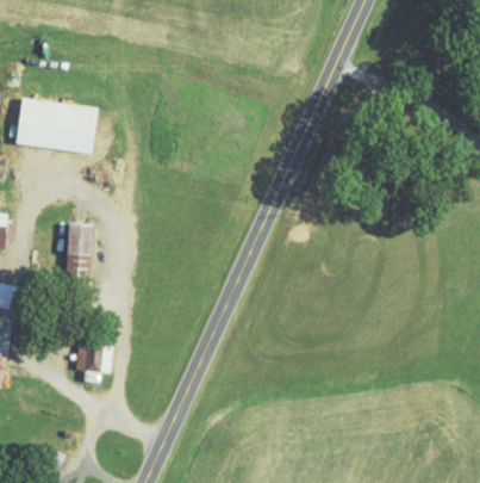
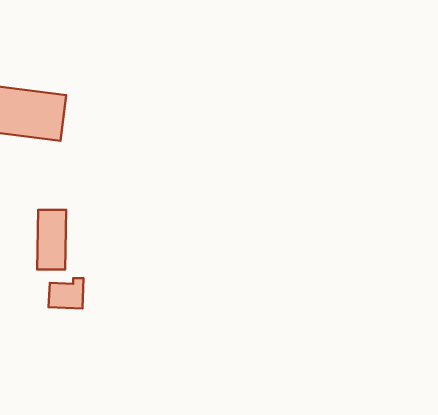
building: [76,341,112,372] -> [49,278,84,308]

